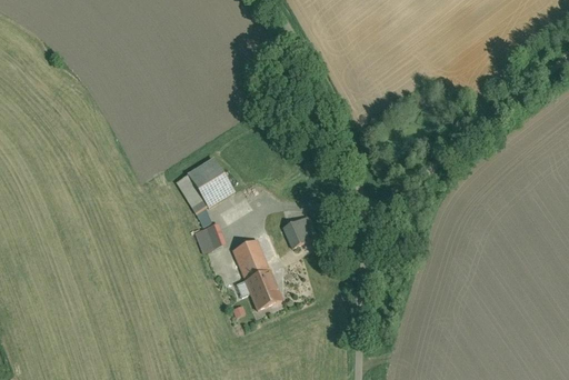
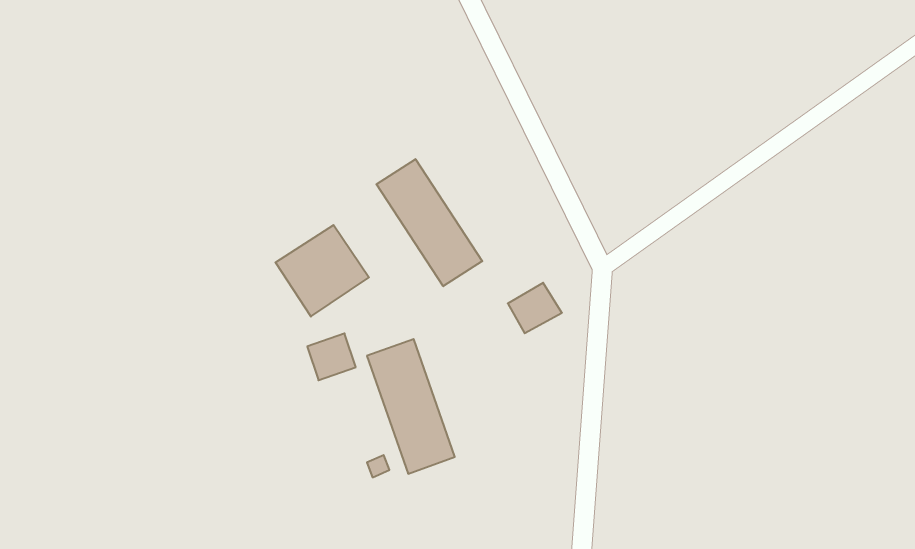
building: none -> [376,159,482,286]
building: [282,218,315,248] -> [508,283,562,333]

